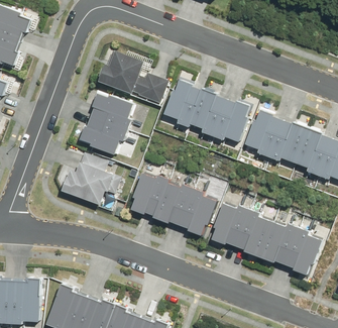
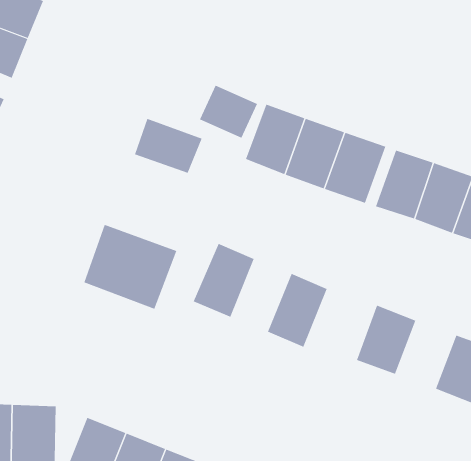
building: [97,52,144,101] -> none
building: [83,116,125,151] -> none
building: [152,183,191,229] -> none
building: [207,203,245,247] -> none
building: [257,222,296,265] -> none

